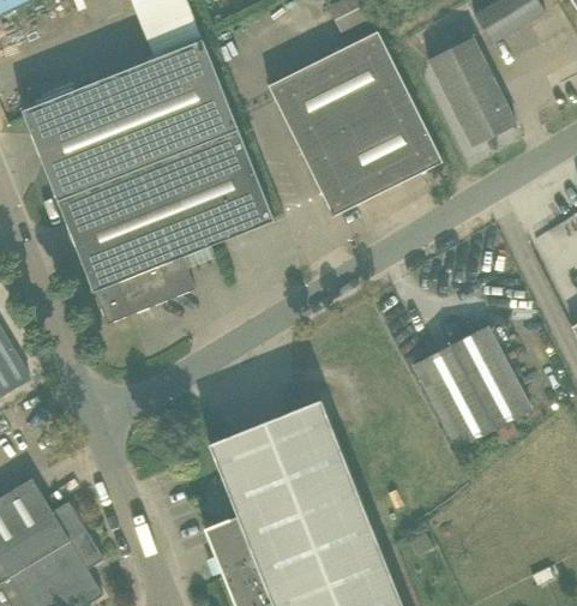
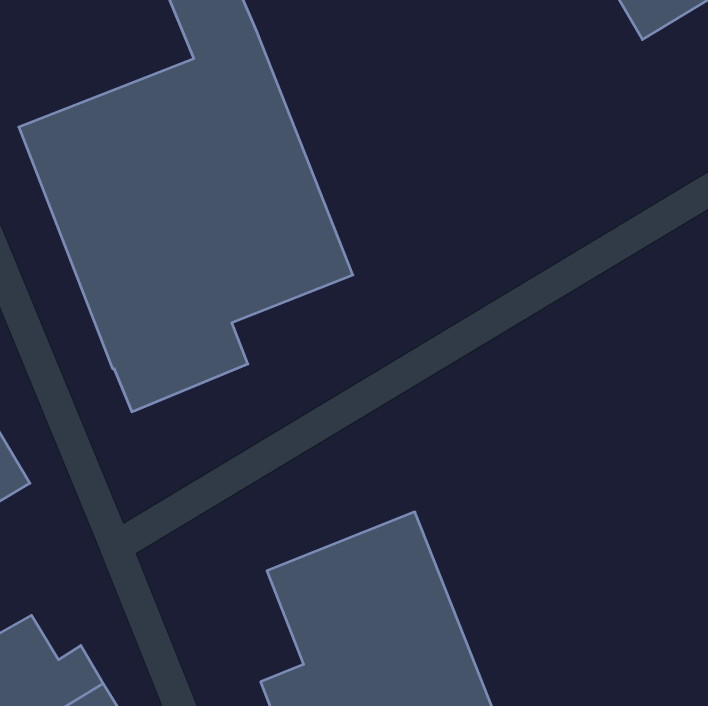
building: [268,30,441,216] -> none
building: [427,36,516,146] -> none
building: [414,325,529,457] -> none

